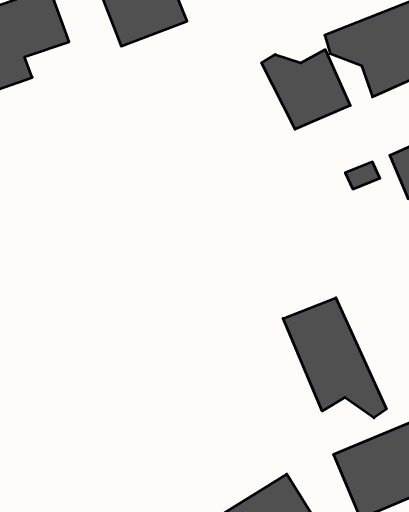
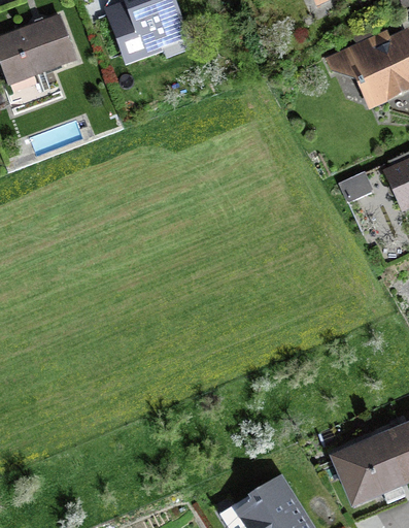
building: [262,50,350,129] -> none
building: [283,298,386,418] -> none

